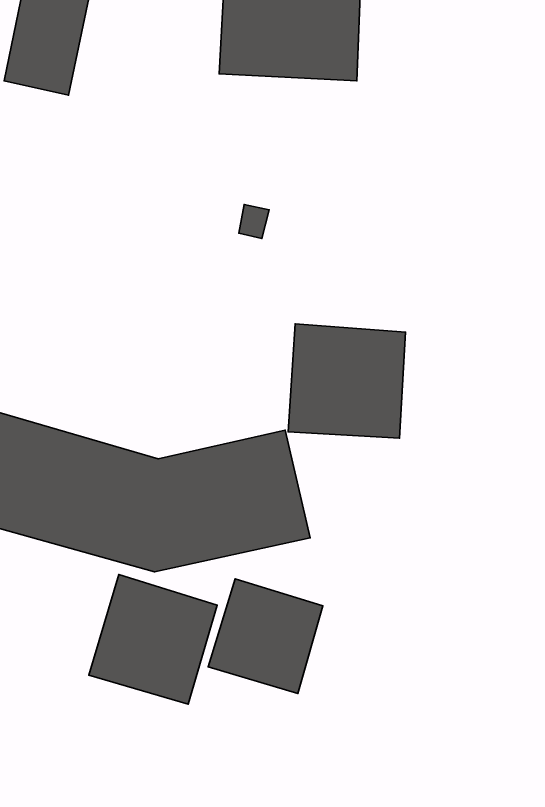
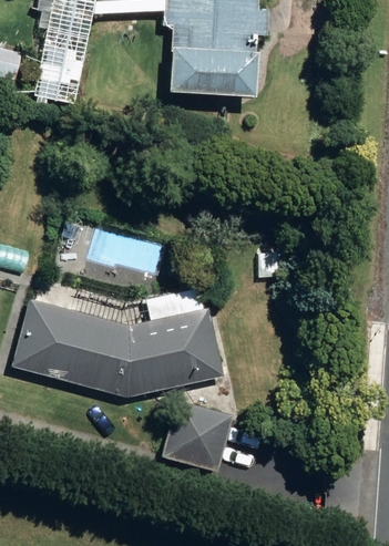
building: [288,324,406,438] -> none
building: [89,574,217,704] -> none

